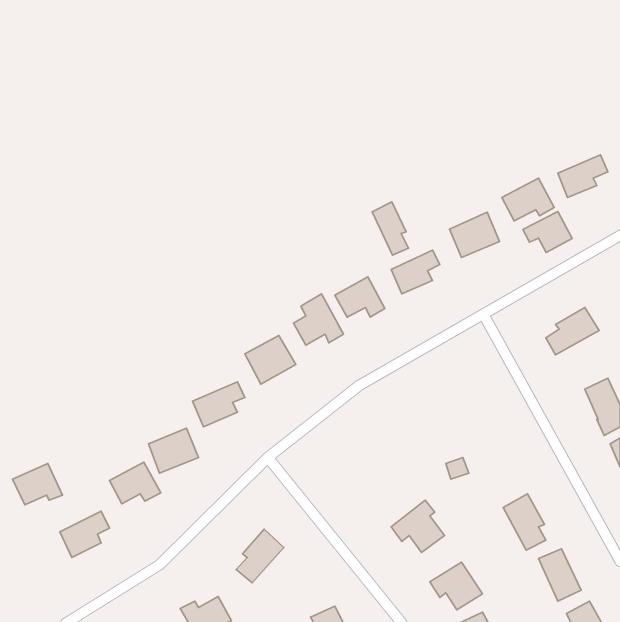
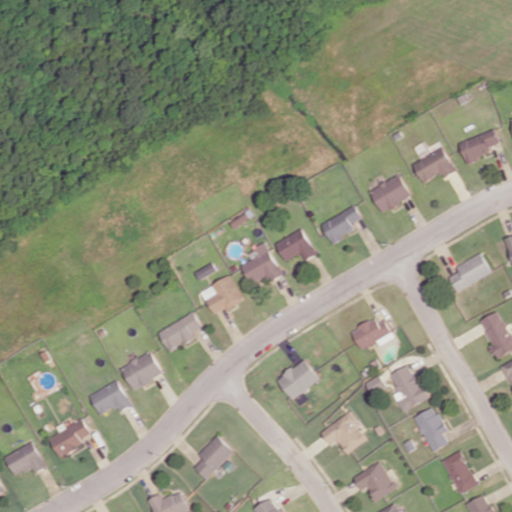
building: [372,202,408,255] -> none
building: [523,211,572,253] -> none
building: none -> [350,318,393,352]
building: none -> [277,359,319,400]
building: none -> [389,364,427,412]
building: [13,463,62,505] -> [5,442,46,476]

